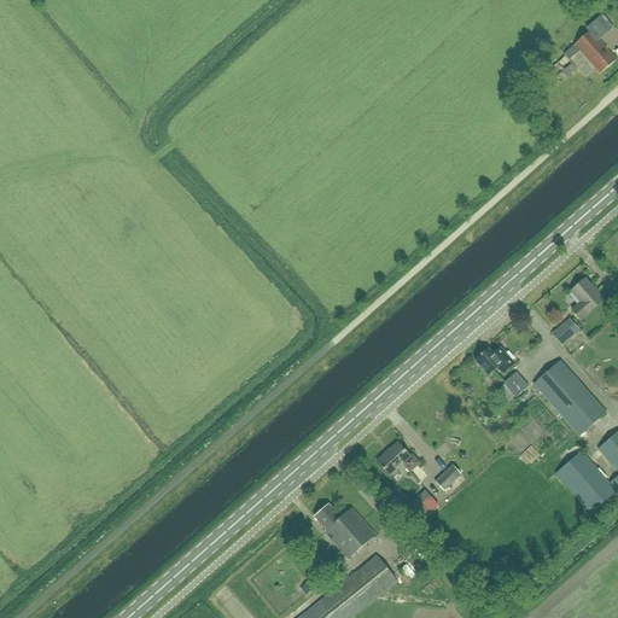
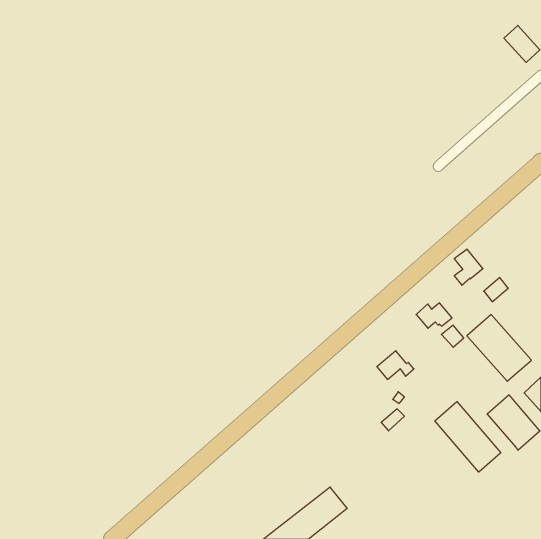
building: [571,278,604,319] -> [454,249,483,285]
building: [377,442,419,474] -> [377,351,414,379]
building: none -> [435,402,501,472]
building: [315,503,375,558] -> none

